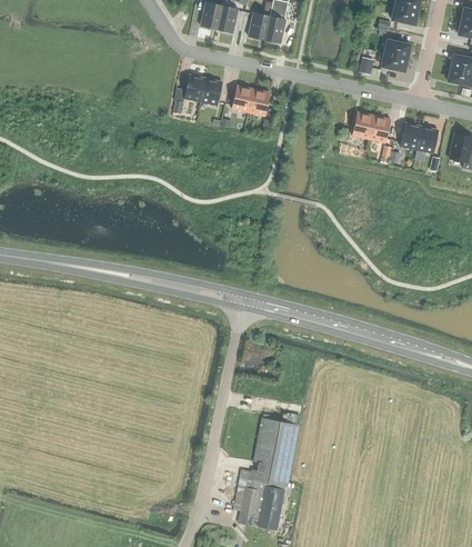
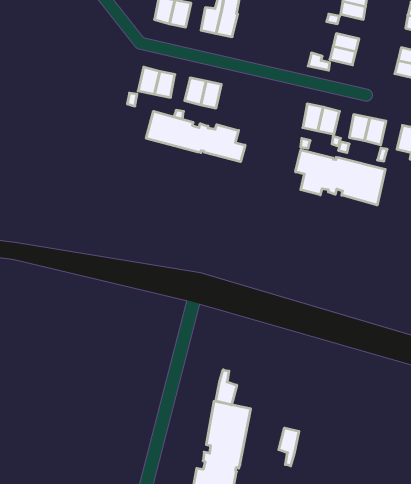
building: none -> [146,111,245,162]
building: none -> [296,150,385,205]
building: none -> [216,370,237,405]
building: none -> [279,428,299,466]

